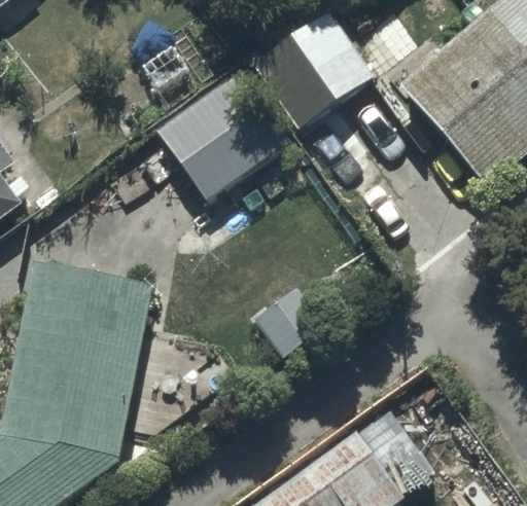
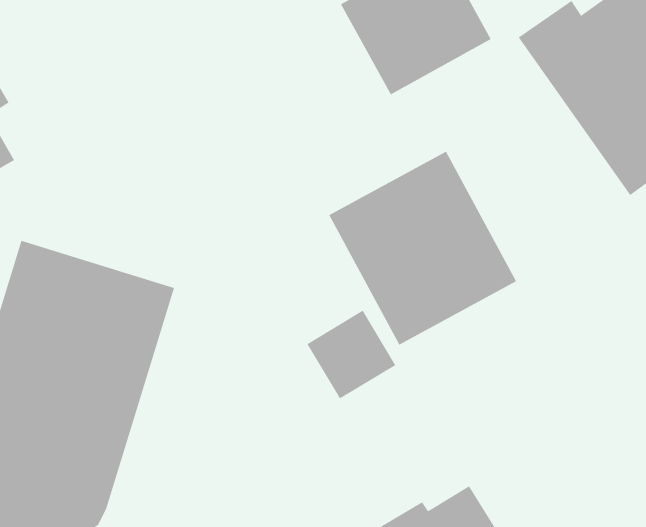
building: [155,69,291,200] -> none
building: none -> [328,151,517,346]

